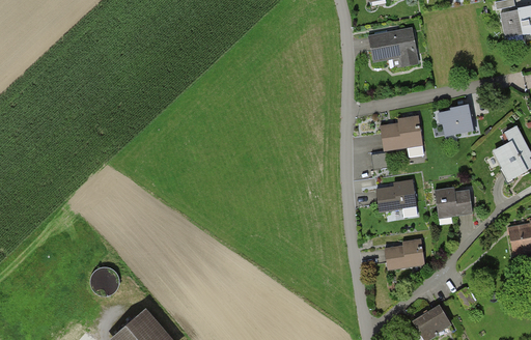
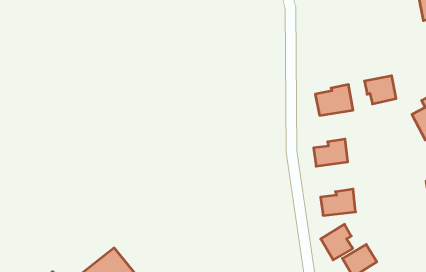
building: [369,27,419,67] -> none
building: [435,187,471,218] -> none
building: none -> [321,224,353,260]

